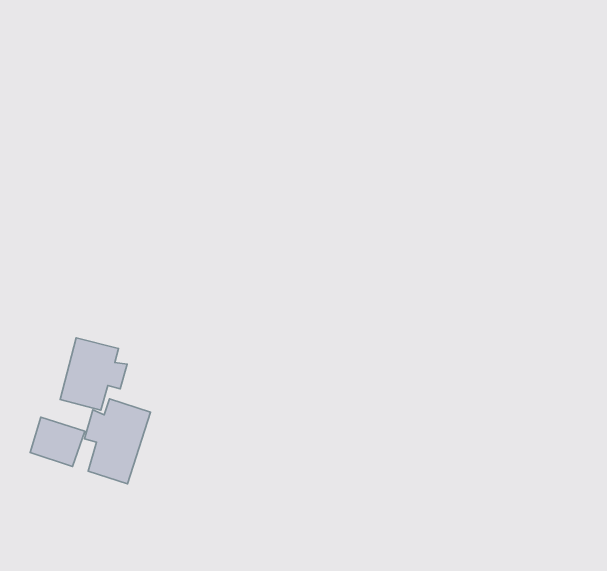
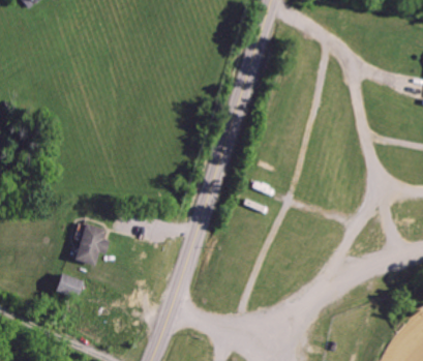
building: [84,399,150,484] -> none

